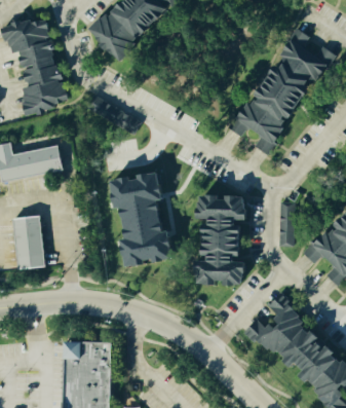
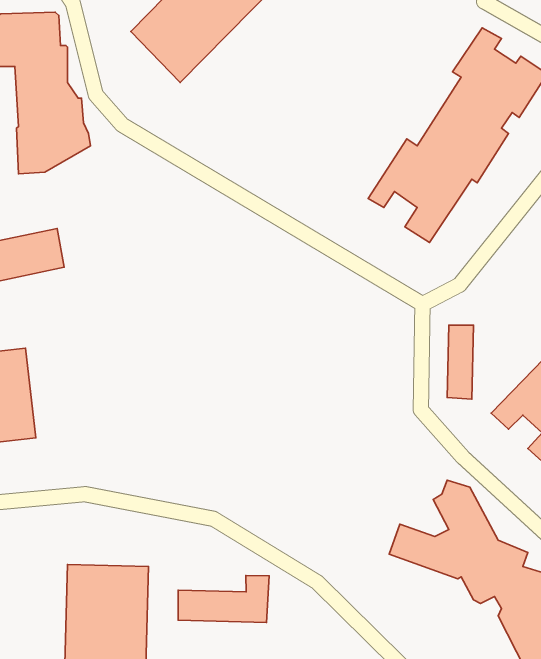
building: [115,172,177,266] -> none
building: [201,195,251,285] -> none
building: none -> [178,575,269,622]

